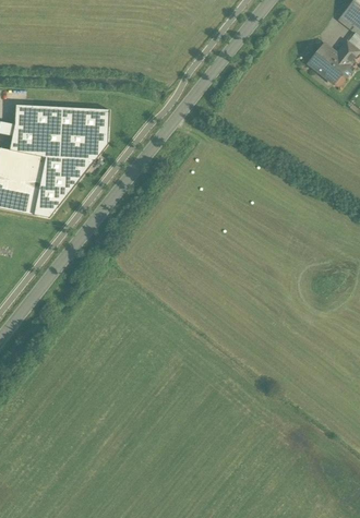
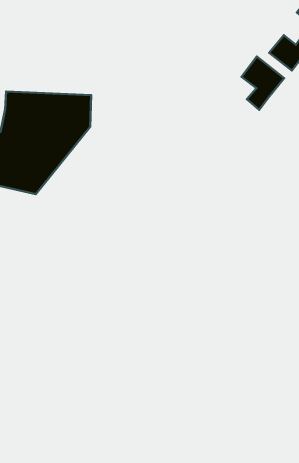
building: none -> [242,56,284,110]

